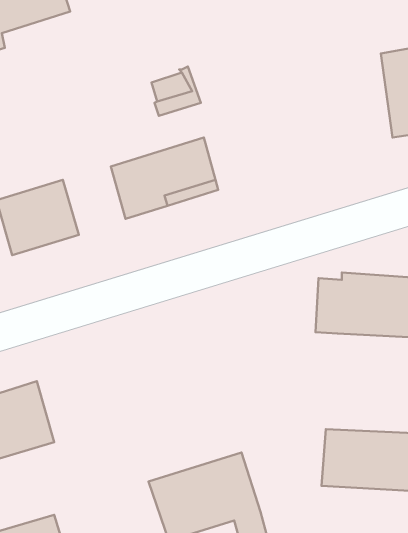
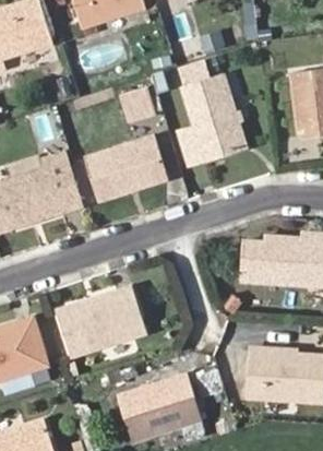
building: none -> [175,57,244,167]
building: none -> [56,287,146,357]

